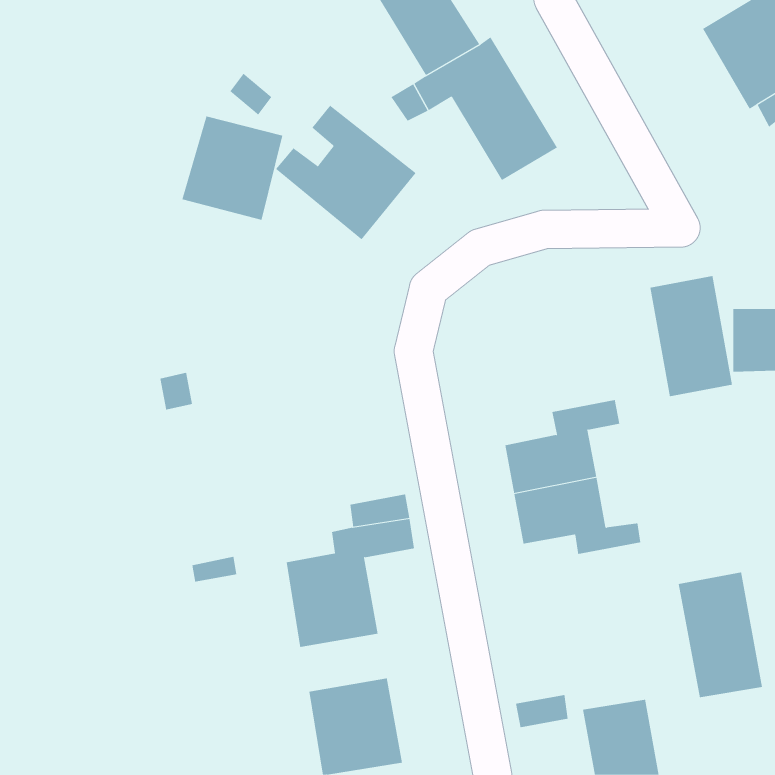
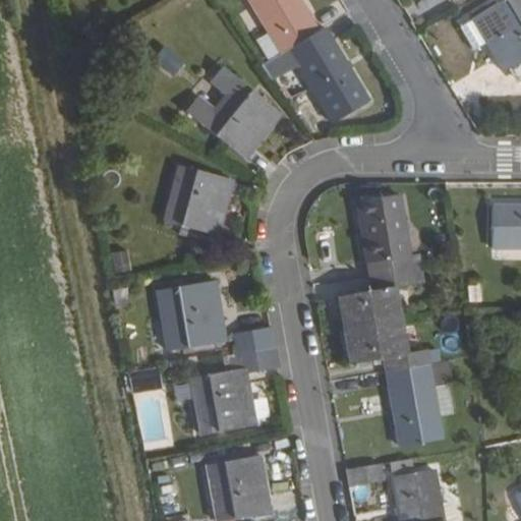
building: [182,116,283,221] -> [165,166,233,236]
building: [649,275,733,397] -> [357,194,413,276]
building: none -> [158,281,225,350]
building: [678,572,763,698] -> [388,363,445,448]

